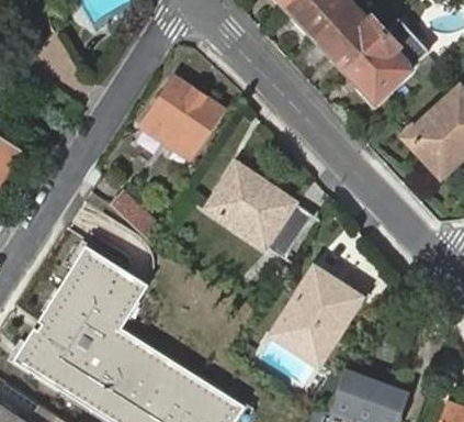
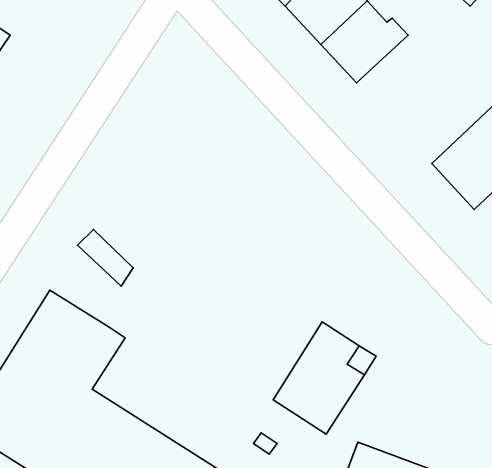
building: [341,19,428,107] -> none
building: [139,77,220,158] -> none
building: [206,165,313,260] -> none

